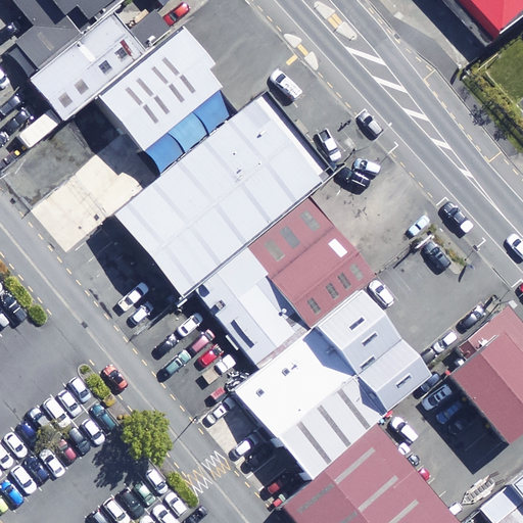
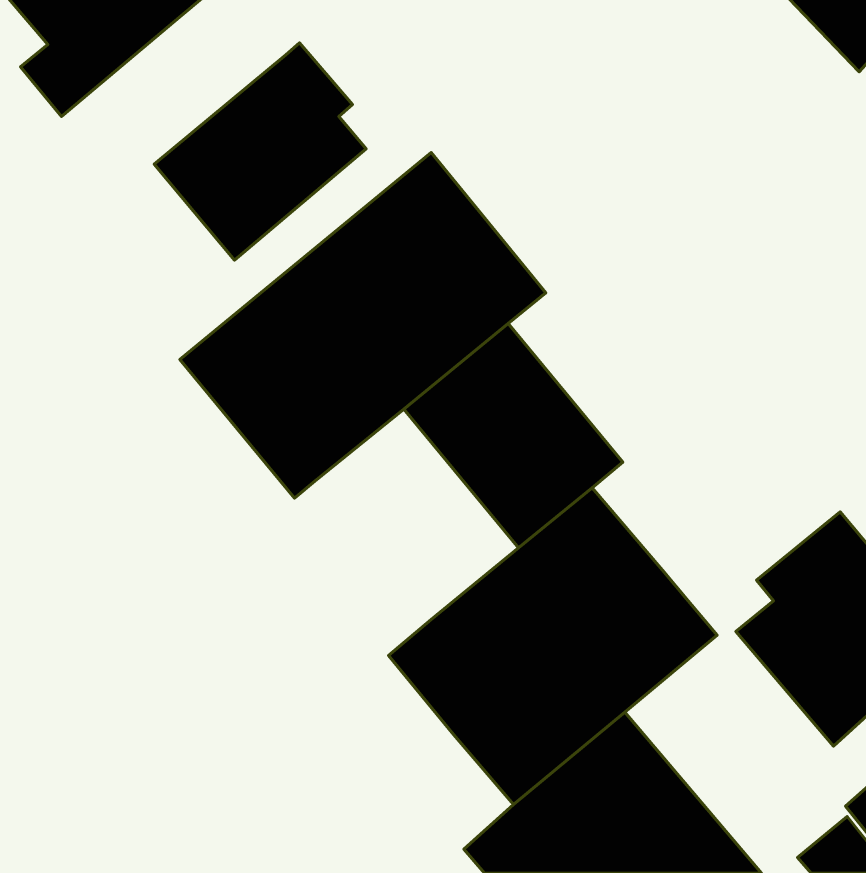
building: [30,9,176,124] -> none
building: [193,244,315,370] -> none

